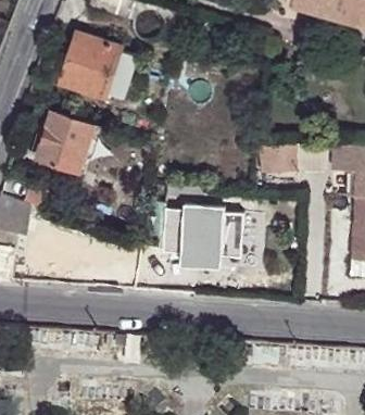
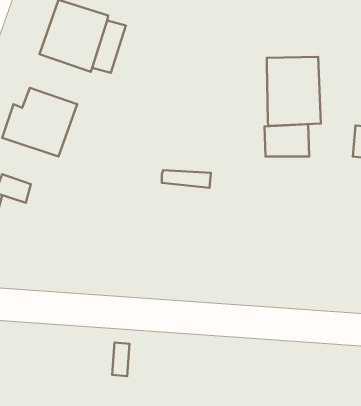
building: none -> [267,57,321,126]
building: [142,201,242,256] -> none

